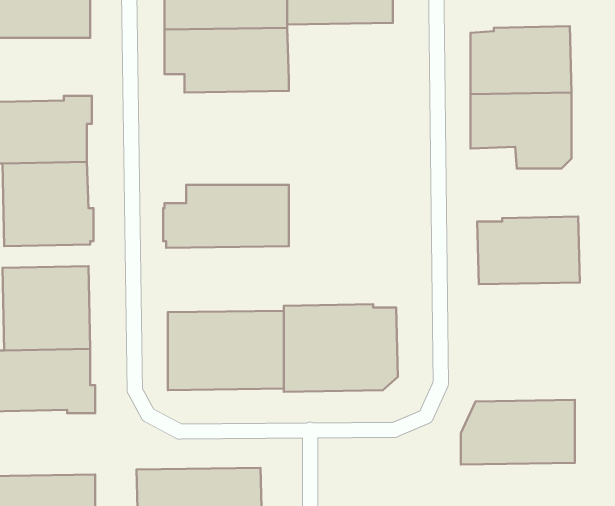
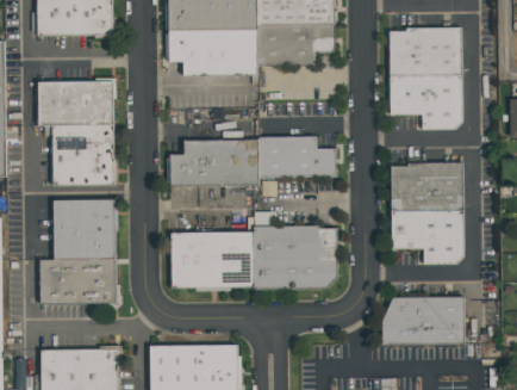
building: none -> [256,24,334,64]
building: none -> [257,137,335,178]
building: none -> [394,211,467,267]

